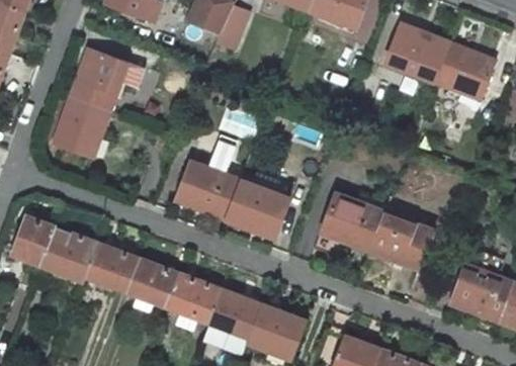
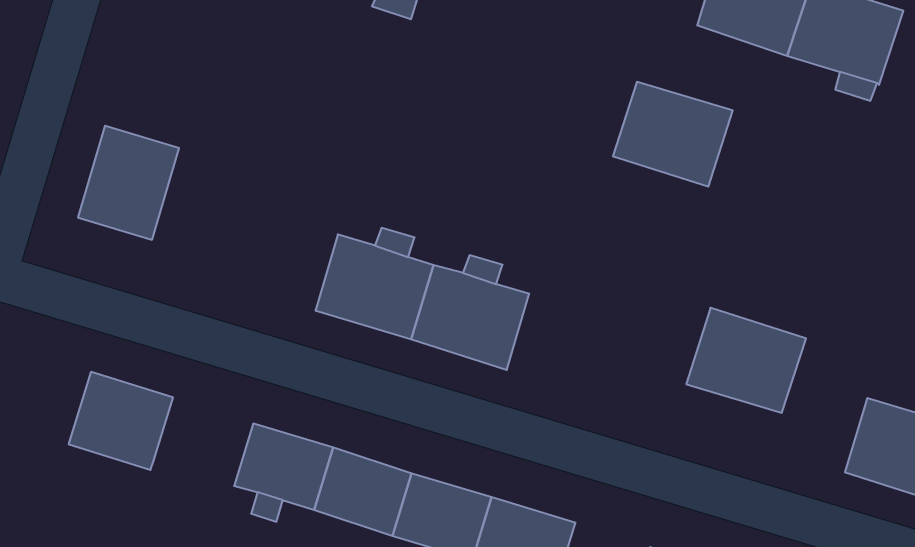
building: [71,49,127,110] -> none
building: [320,193,384,251] -> [613,82,733,187]
building: [13,215,56,263] -> none
building: [86,242,140,290] -> none

